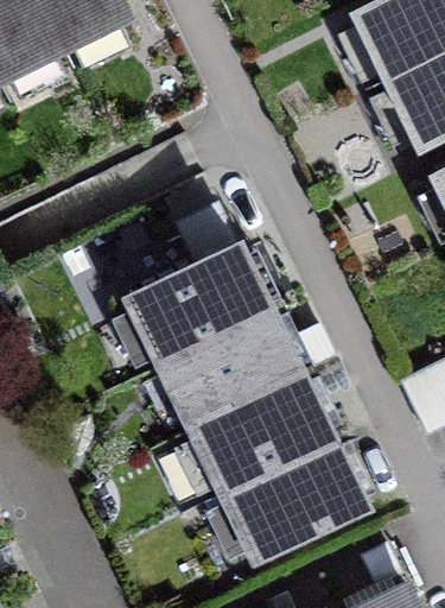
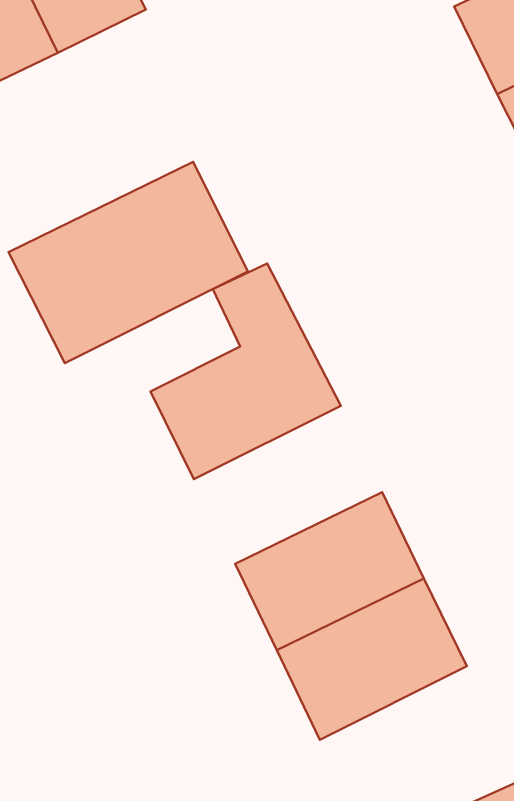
building: none -> [9,162,248,363]
building: [163,310,303,428] -> none

